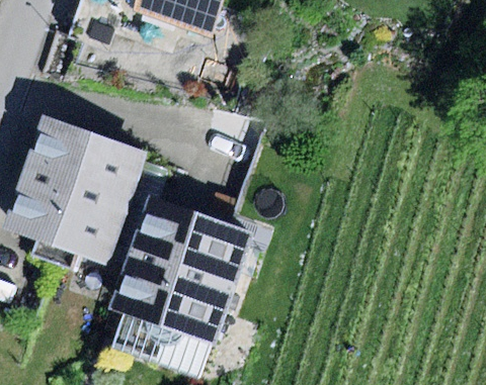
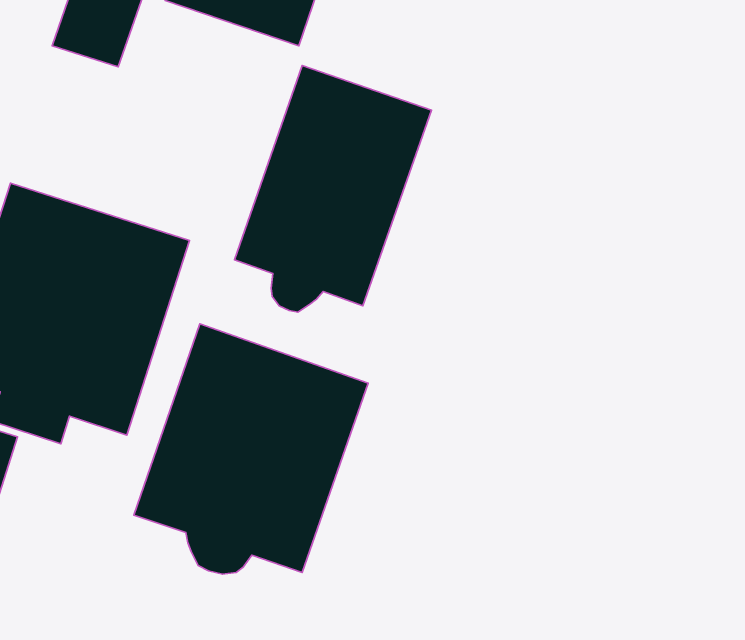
building: none -> [234,65,431,312]

